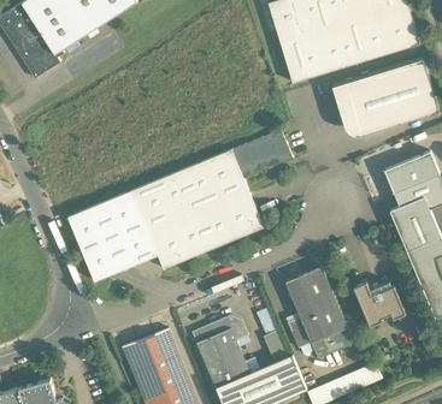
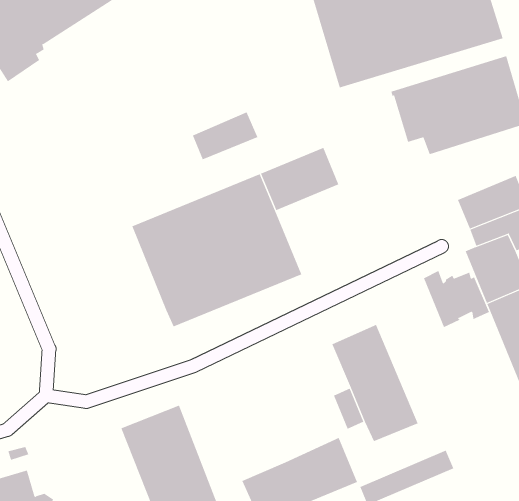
building: none -> [192,112,258,160]
building: [69,190,158,280] -> none
building: [354,280,406,325] -> [423,270,490,328]
building: [193,315,251,387] -> none

